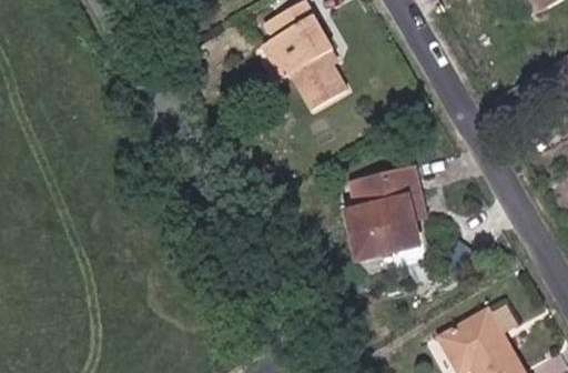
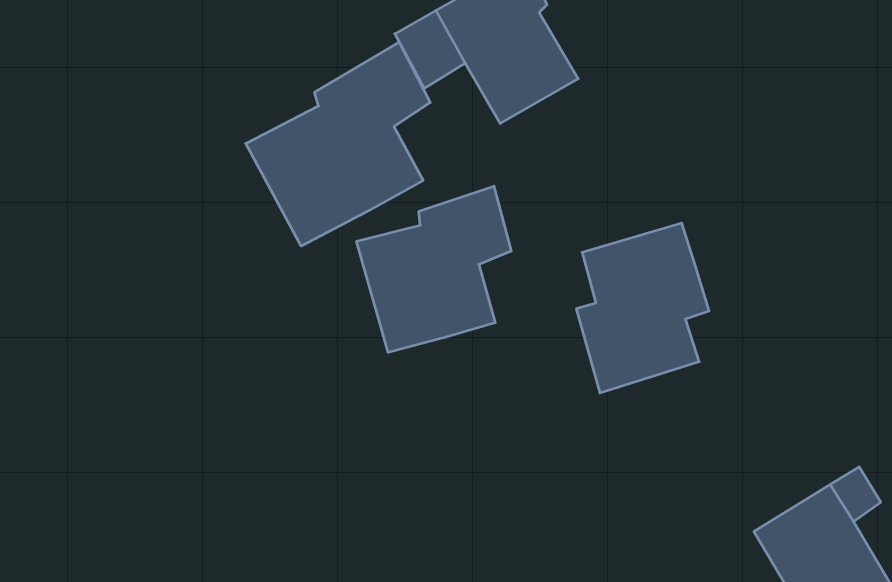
building: none -> [246,42,430,246]
building: none -> [357,186,511,352]

